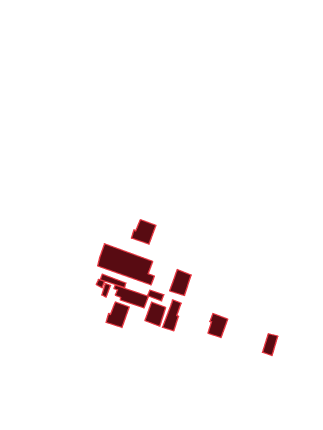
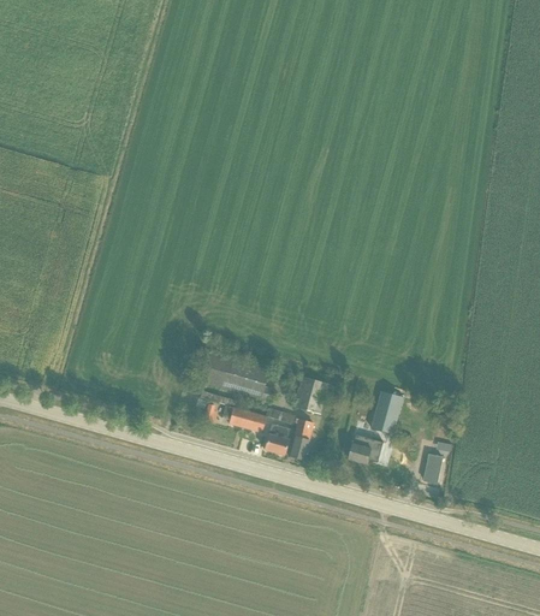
building: [132,220,156,244] -> none
building: none -> [372,390,403,433]
building: [106,302,129,328] -> none

